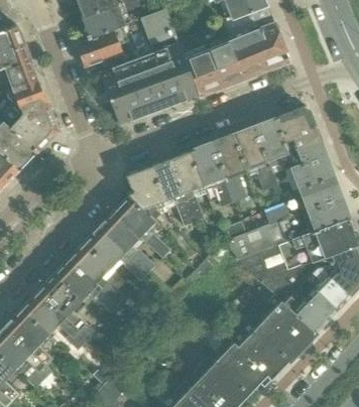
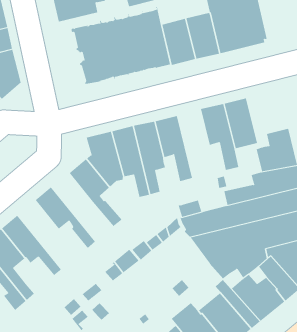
building: [275,106,320,163] -> none
building: [211,134,246,201] -> none
building: [98,212,155,274] -> none
building: [69,242,126,305] -> none

